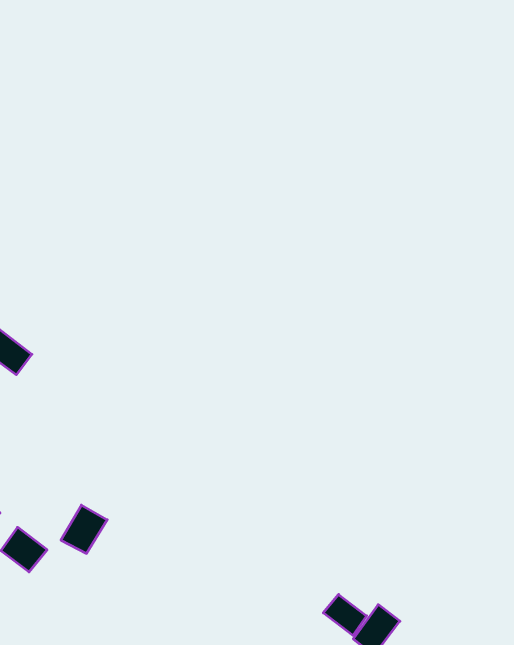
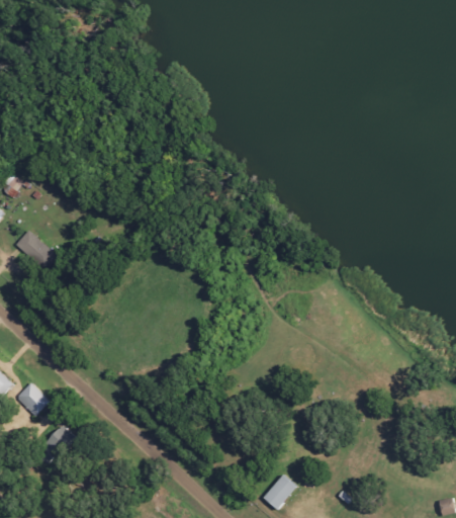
building: [61,505,107,553] -> [41,425,77,460]
building: [323,594,367,635] -> none

